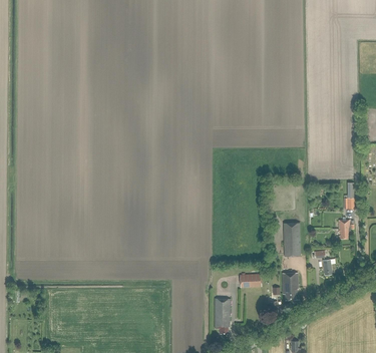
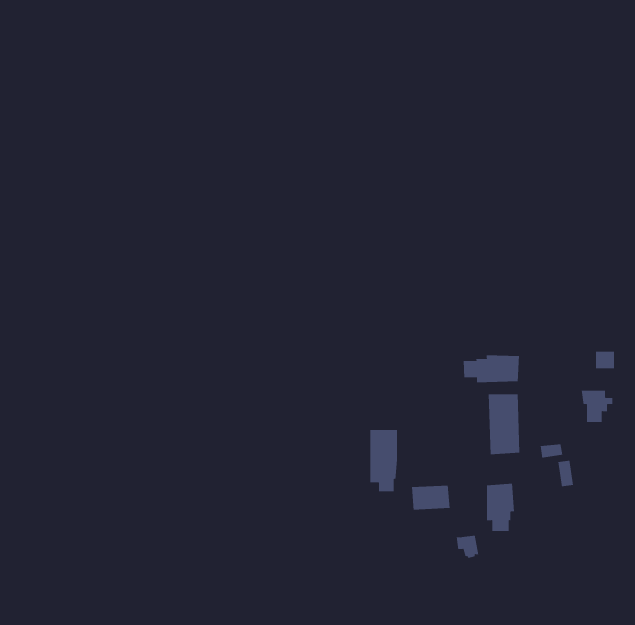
building: none -> [463,355,520,383]
building: [215,299,231,334] -> [369,429,398,492]

